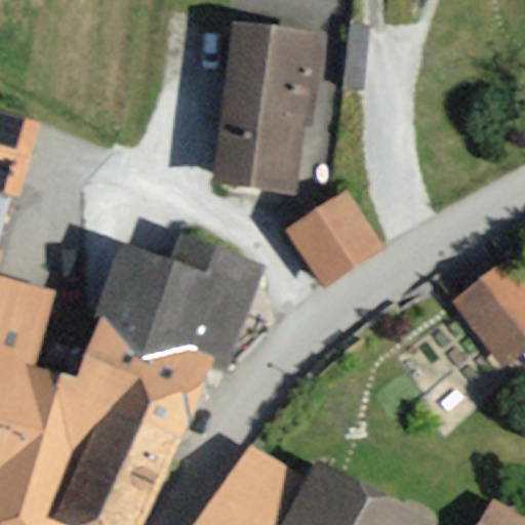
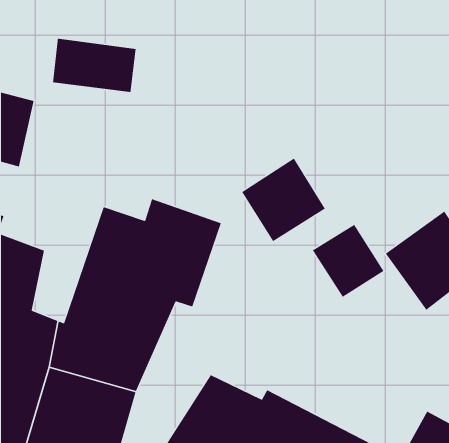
building: [210,19,322,195] -> none
building: none -> [52,38,136,93]
building: none -> [312,224,384,298]

